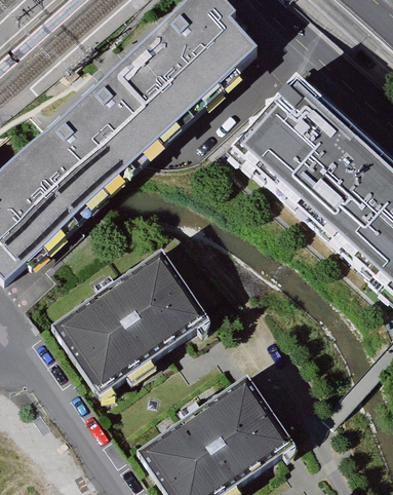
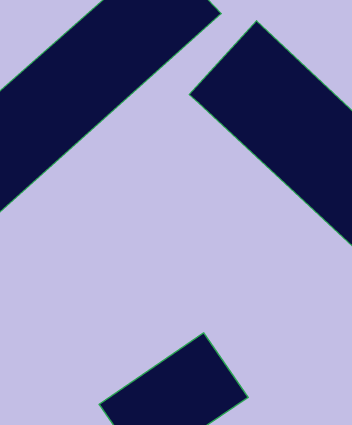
building: [55,253,205,392] -> none

